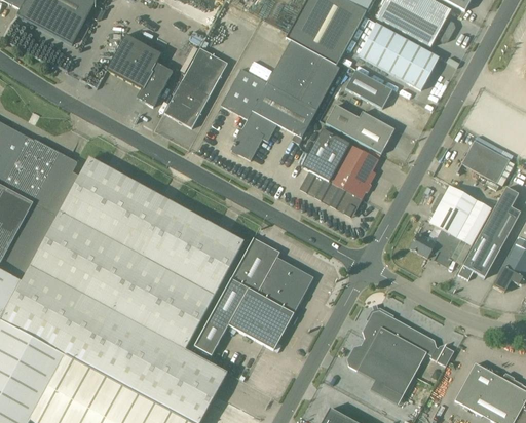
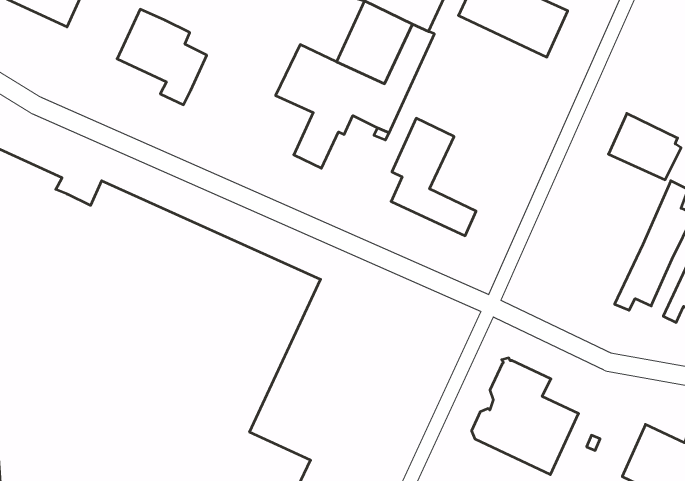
building: [164,48,228,128] -> none
building: [345,70,392,108] -> none
building: [326,105,394,154] -> none
building: [329,144,378,199] -> none
building: [410,186,492,266] -> none
building: [194,237,313,355] -> none
building: [401,325,454,366] -> none

